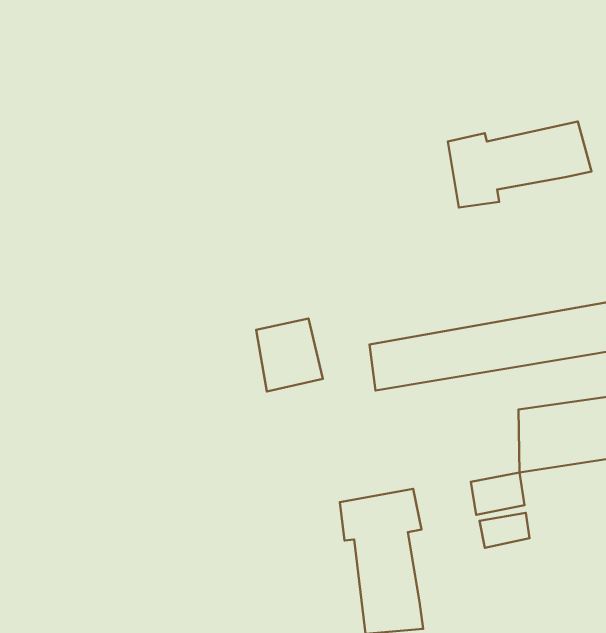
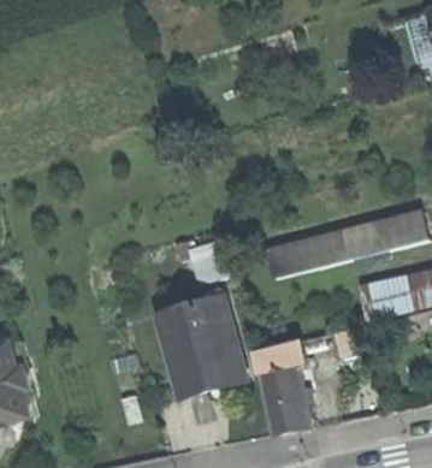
building: [448,122,591,208] -> none
building: none -> [153,292,253,402]

